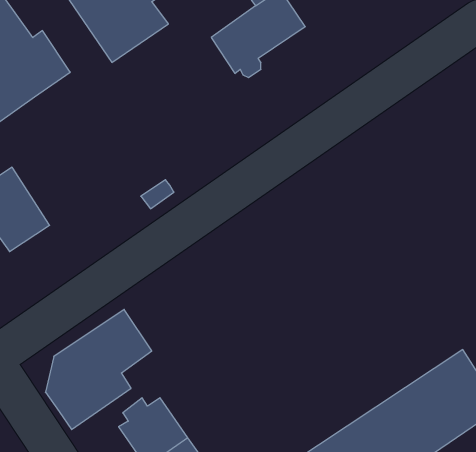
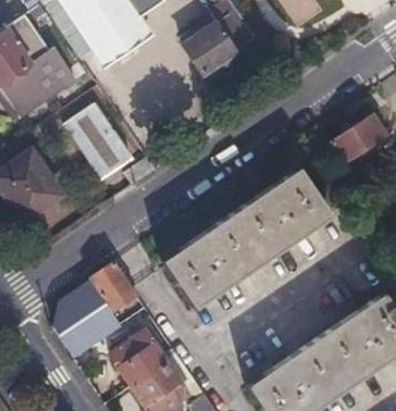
building: none -> [64,104,132,178]
building: none -> [331,115,386,164]
building: none -> [163,170,331,308]

